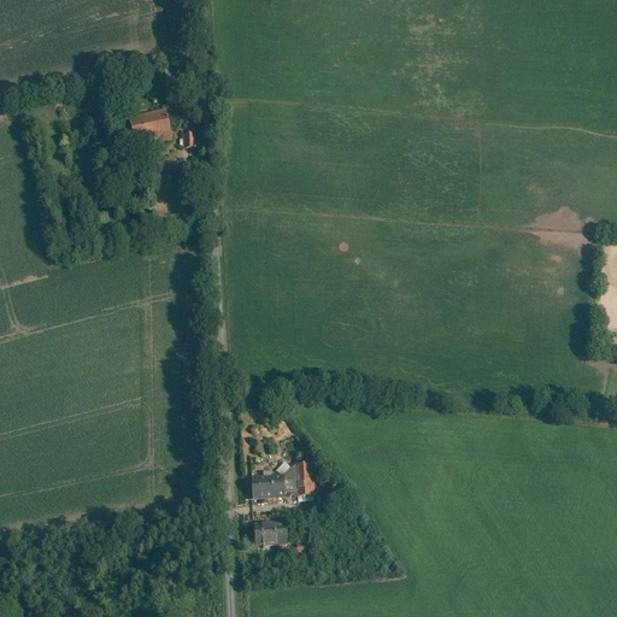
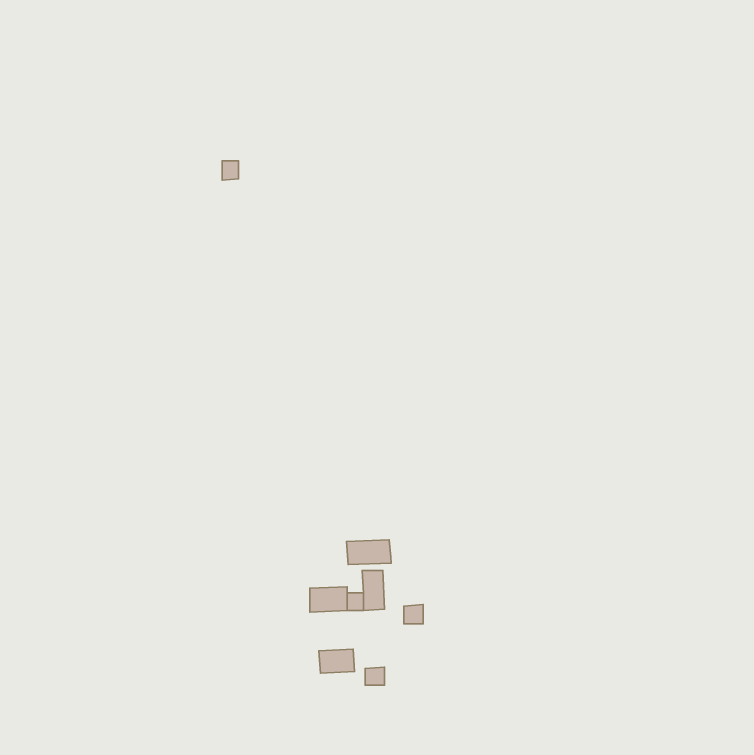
building: [137,107,169,141] -> none
building: none -> [346,540,391,565]

